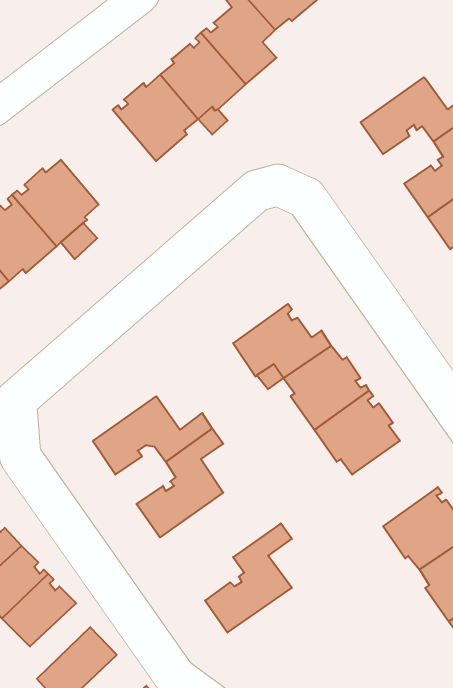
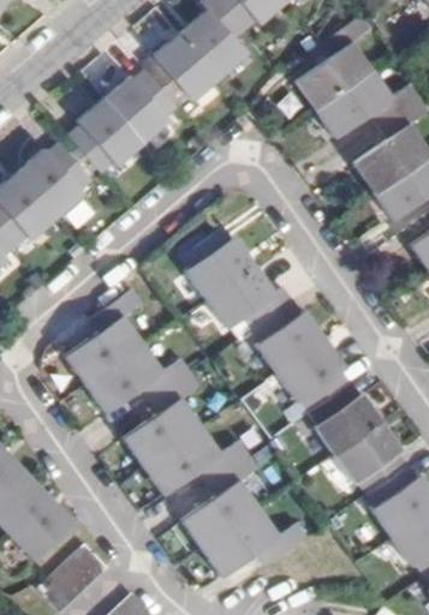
building: none -> [297,14,371,109]
building: none -> [68,98,142,173]
building: none -> [181,226,255,299]
building: none -> [67,289,142,383]
building: none -> [310,383,383,456]
building: none -> [145,428,249,494]
building: none -> [203,509,308,577]

